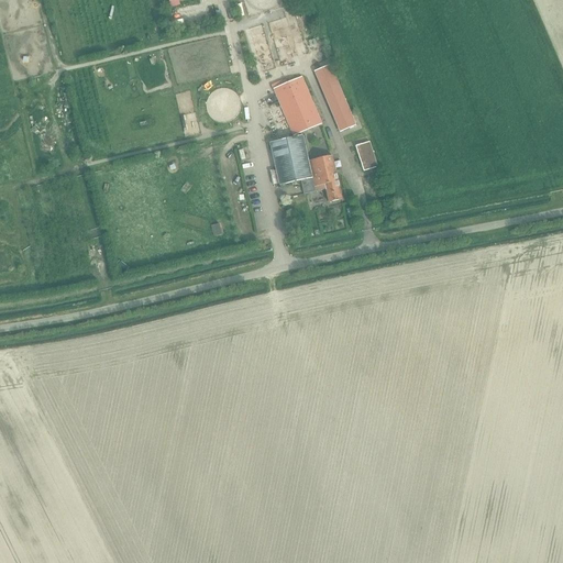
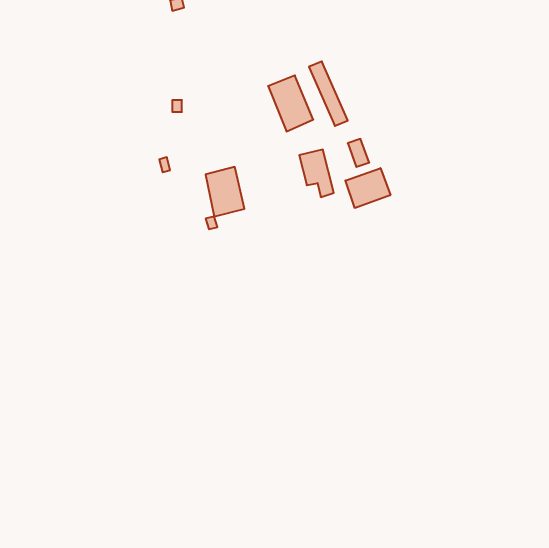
building: [269,133,309,184] -> [206,167,244,216]
building: none -> [345,168,390,208]

